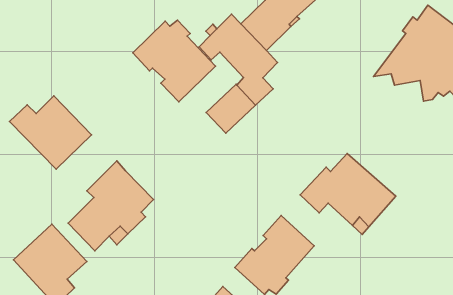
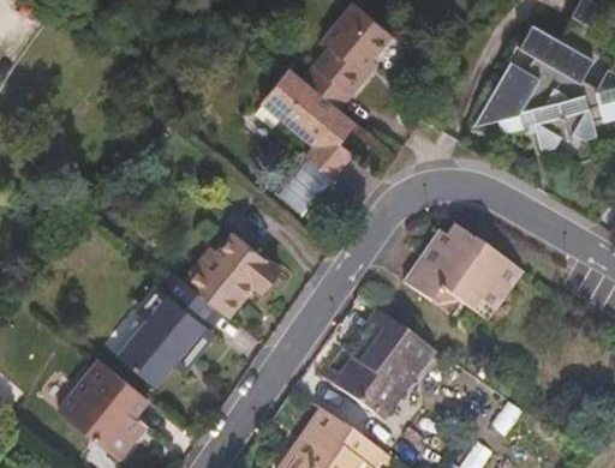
building: [133,20,215,102] -> none
building: [9,96,92,169] -> none
building: none -> [183,233,276,316]

